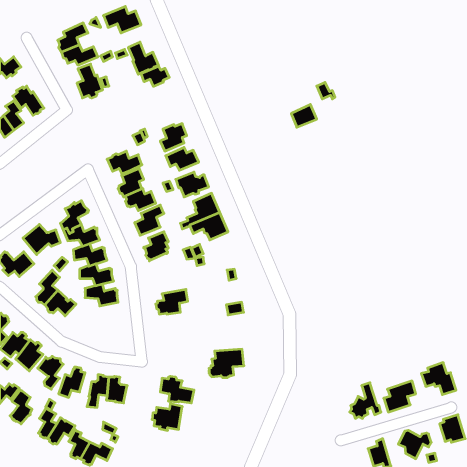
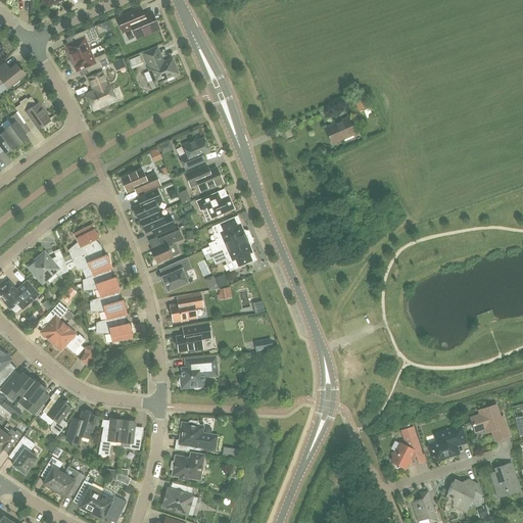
building: [141,66,169,86] -> none
building: none -> [170,293,201,321]
building: [209,349,244,378] -> [178,356,217,388]
building: none -> [161,484,192,514]

